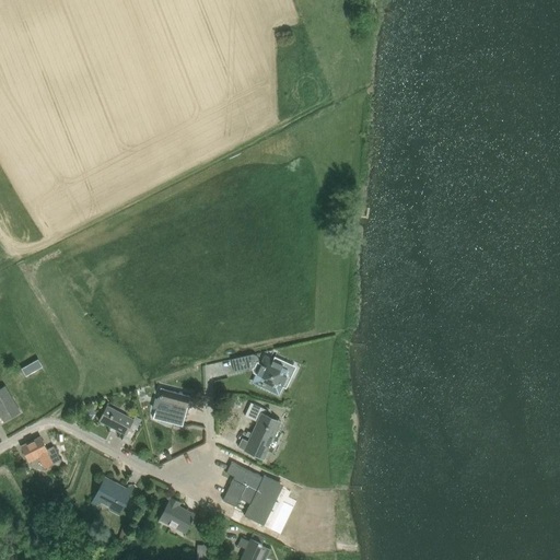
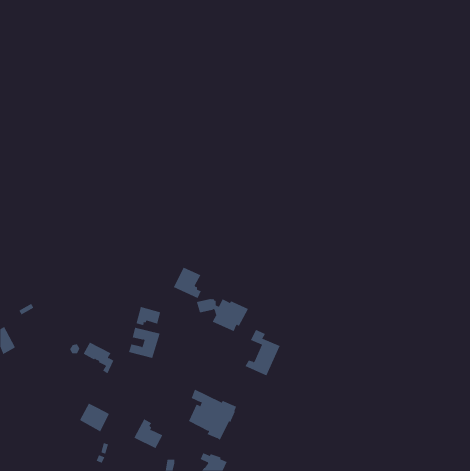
building: none -> [173,267,201,299]
building: none -> [136,306,161,326]
building: [237,402,280,458] -> [245,329,281,376]
building: [21,436,60,468] -> none

